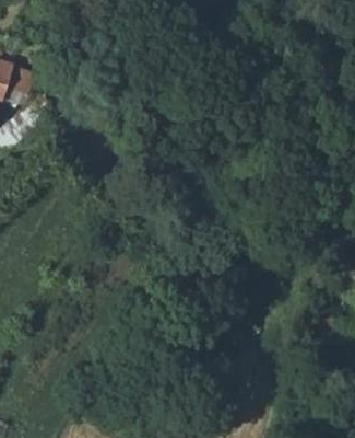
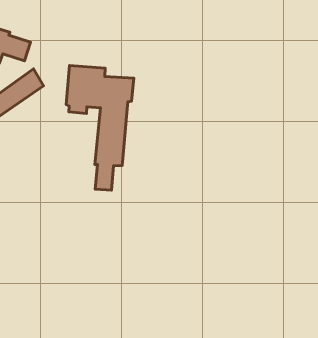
building: none -> [66,65,134,190]

